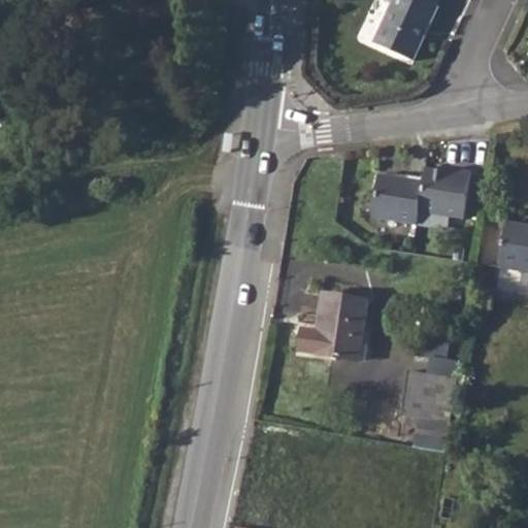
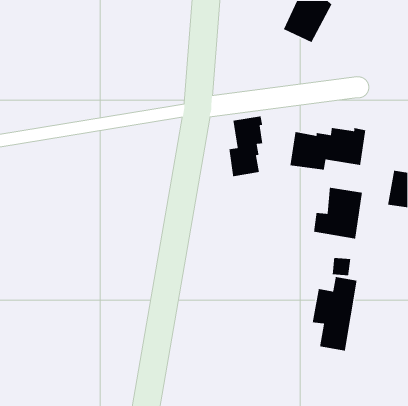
building: none -> [229,116,263,177]
building: [303,284,367,352] -> [313,187,363,240]

